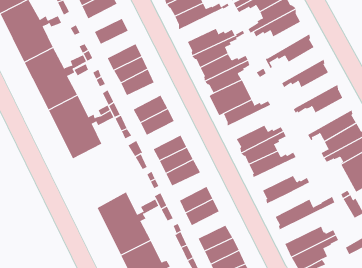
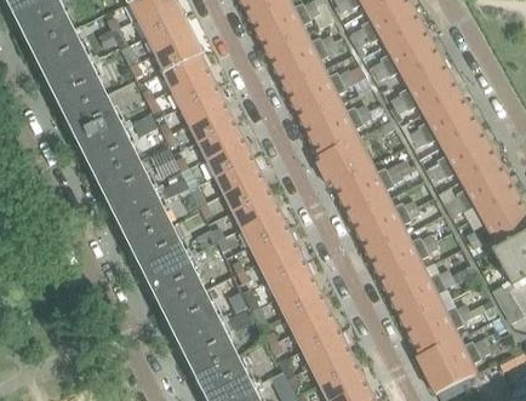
building: none -> [151,33,200,70]
building: none -> [273,39,336,84]
building: none -> [389,57,450,105]
building: none -> [168,69,216,105]
building: none -> [404,91,469,143]
building: none -> [427,125,487,172]
building: none -> [204,138,250,174]
building: none -> [442,159,507,208]
building: none -> [338,168,401,214]
building: none -> [230,190,276,228]
building: none -> [131,220,204,307]
building: none -> [373,239,435,283]
building: none -> [264,259,311,297]
building: none -> [391,265,468,319]
building: none -> [408,297,490,353]
building: none -> [291,311,337,348]

